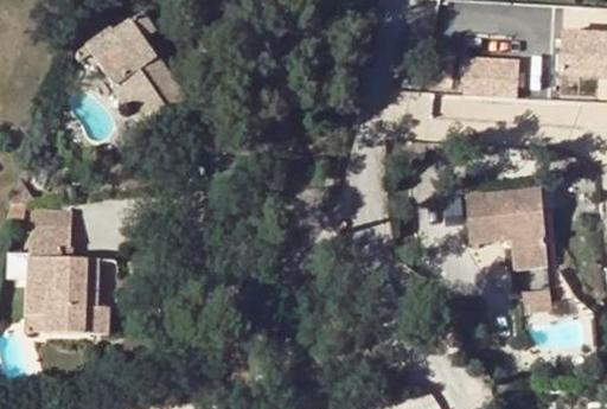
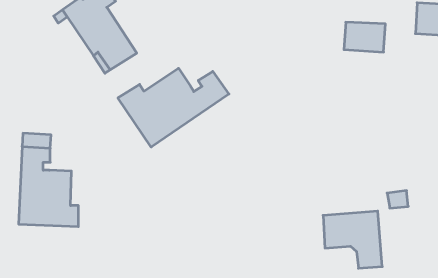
building: none -> [118,68,229,147]
building: [467,190,547,267] -> [323,211,382,268]

